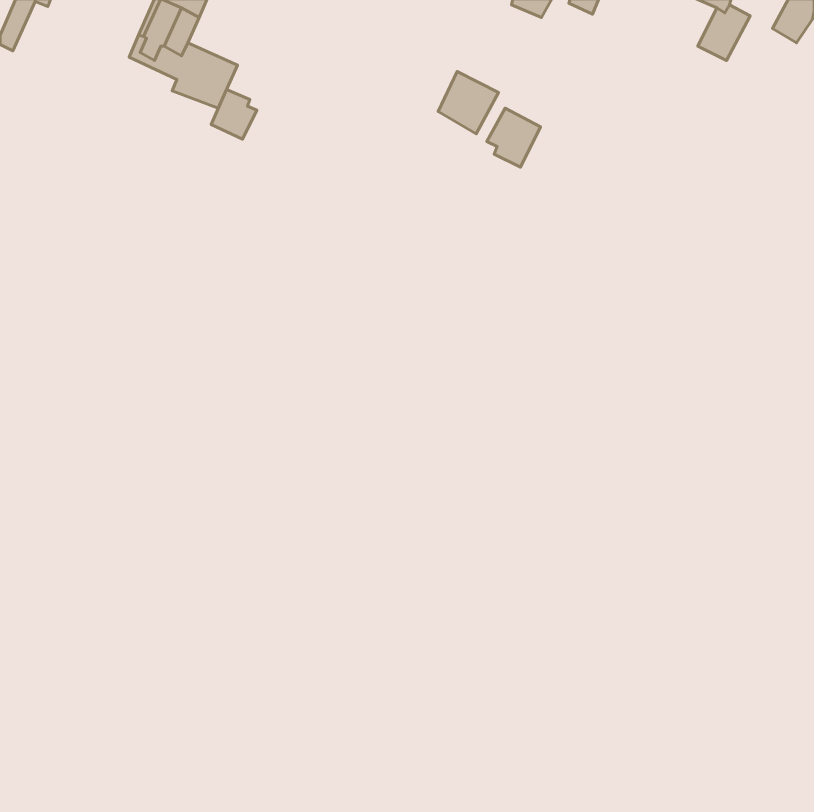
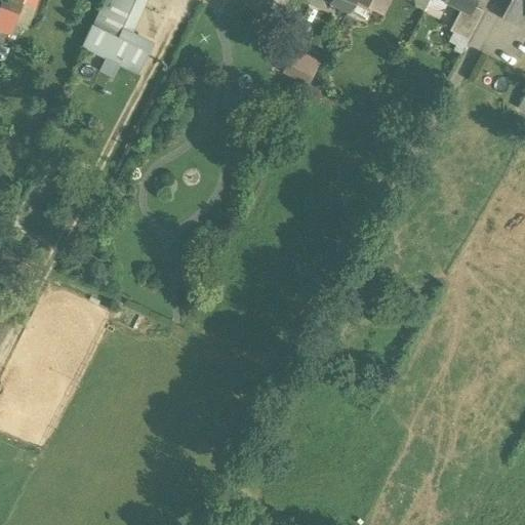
building: [211,89,257,139] -> none
building: [487,108,541,167] -> none

